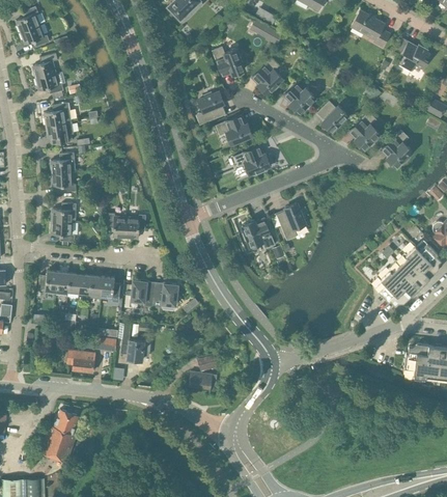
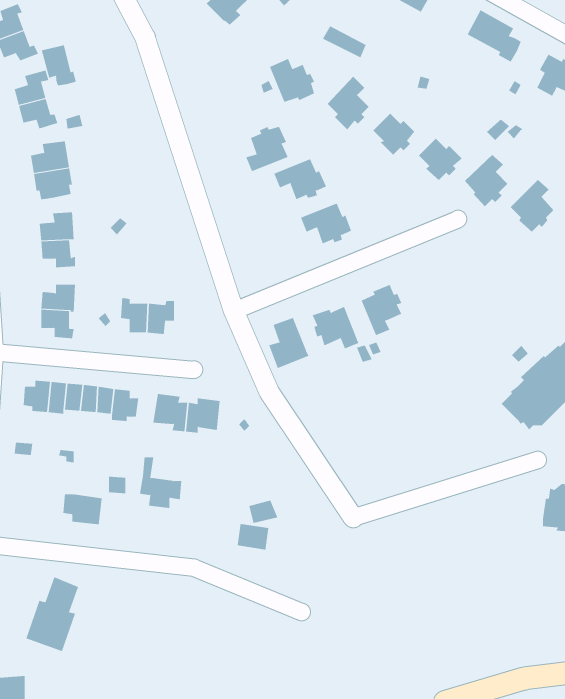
building: none -> [41,44,77,86]
building: none -> [268,317,309,369]

